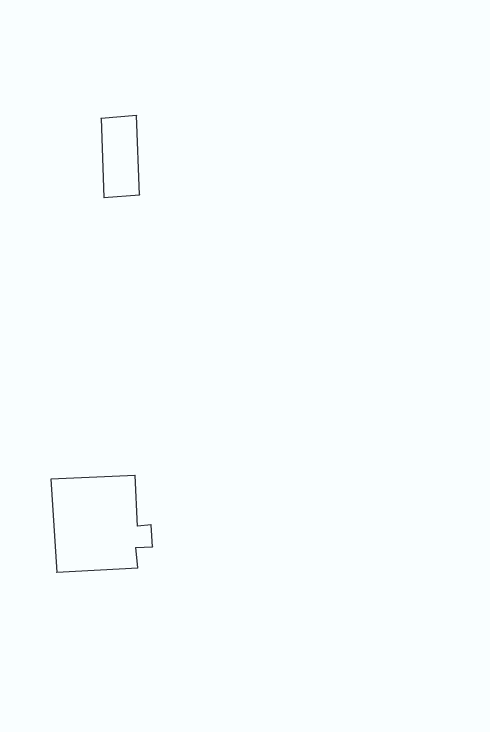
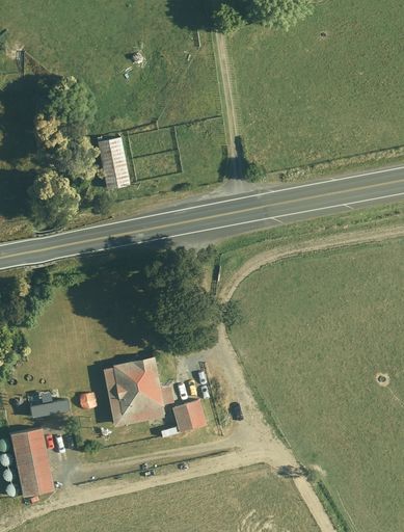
building: none -> [173,401,206,432]

